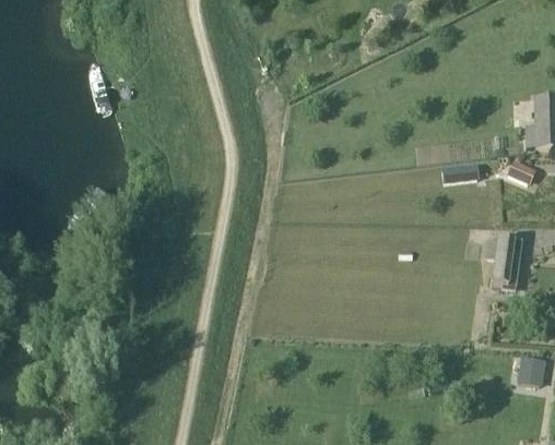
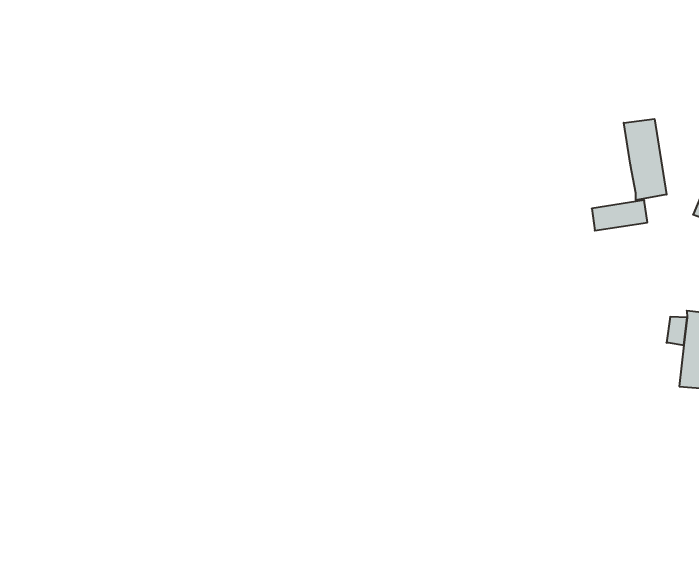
building: none -> [624,119,667,200]

